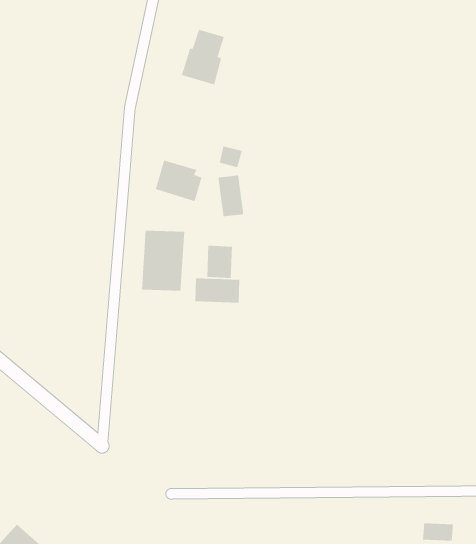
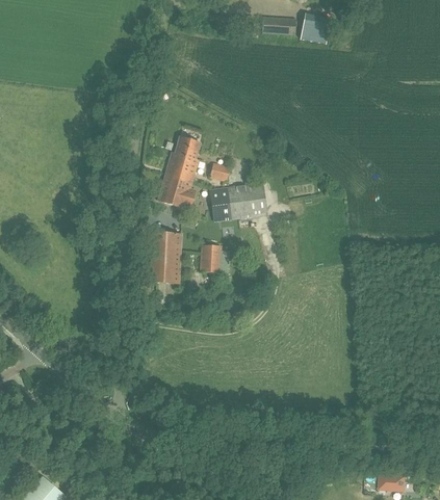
building: [181,29,225,86] -> [164,135,201,182]
building: none -> [227,181,267,219]
building: [195,277,240,303] -> none

